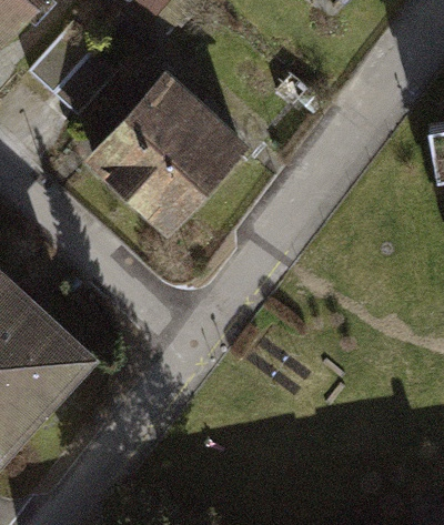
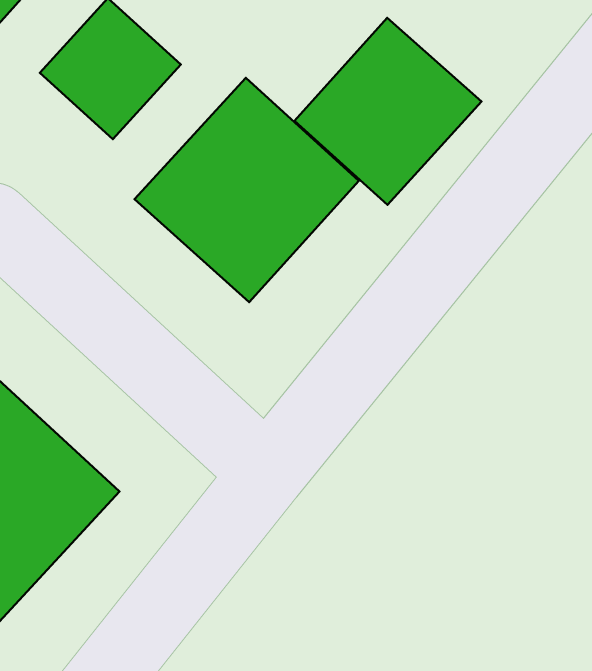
building: none -> [295,18,481,205]

